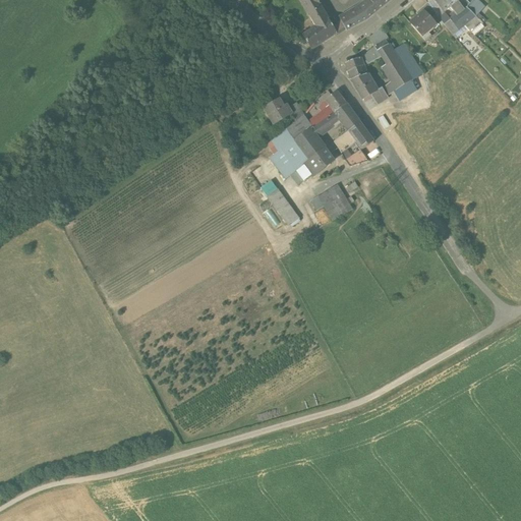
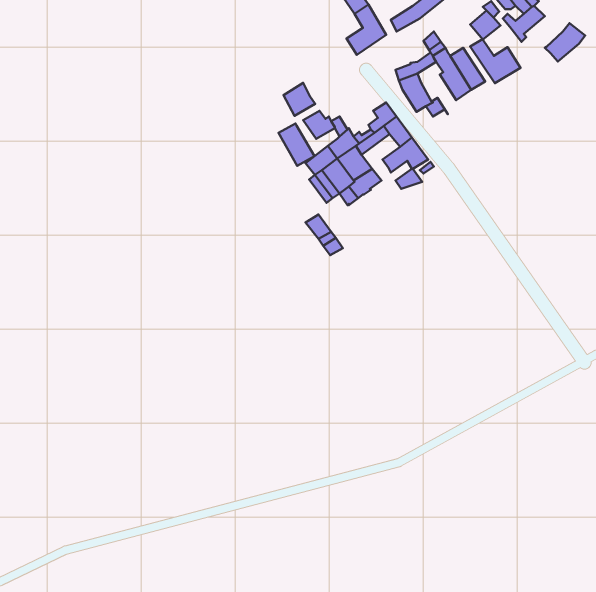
building: none -> [545,23,585,62]
building: none -> [470,39,521,83]
building: none -> [284,83,315,116]
building: none -> [278,124,314,166]
building: [319,182,352,218] -> none

